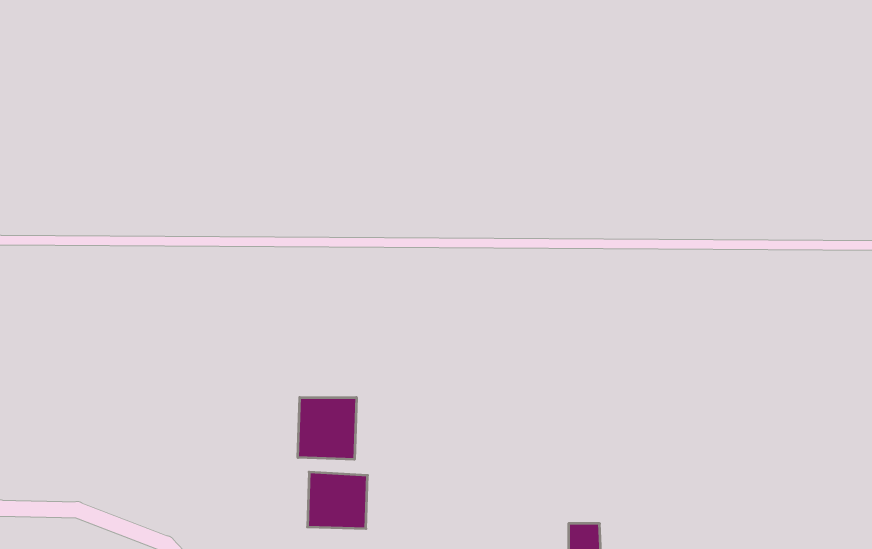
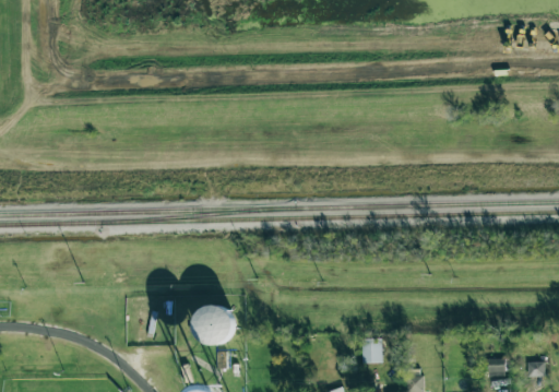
building: [298,397,356,459] -> none

